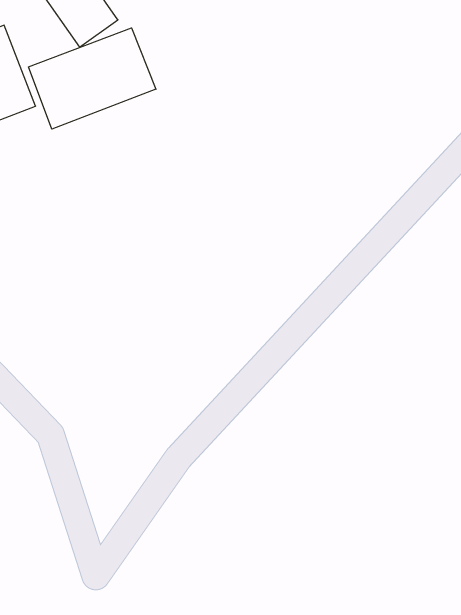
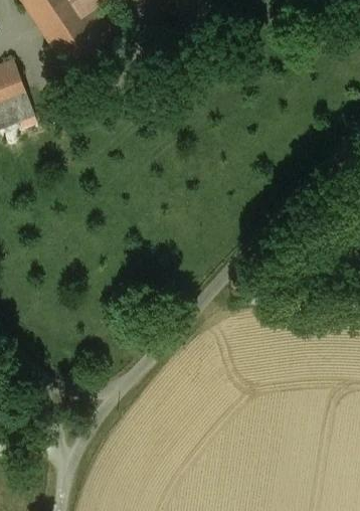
building: [29,28,156,129] -> none

